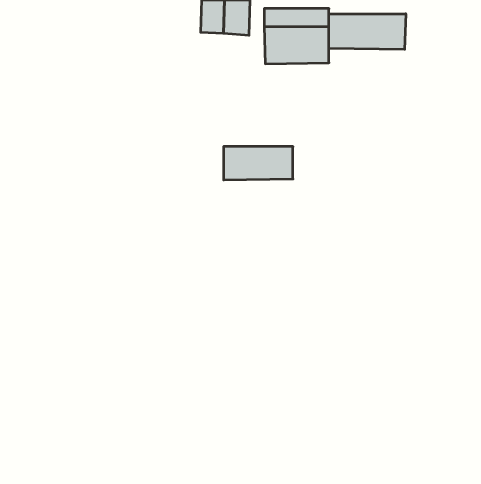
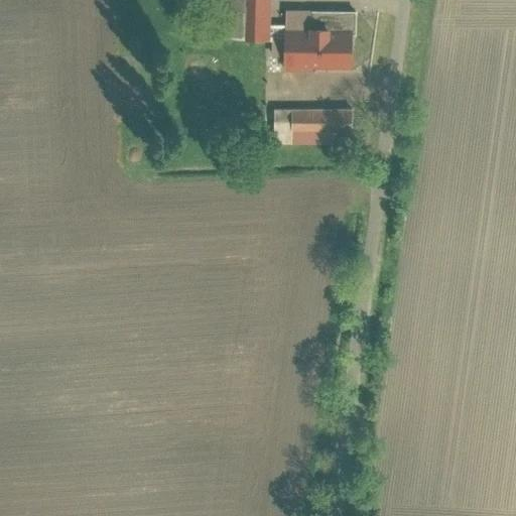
building: [329,14,406,49] -> none
building: [224,147,293,180] -> [275,109,349,144]

